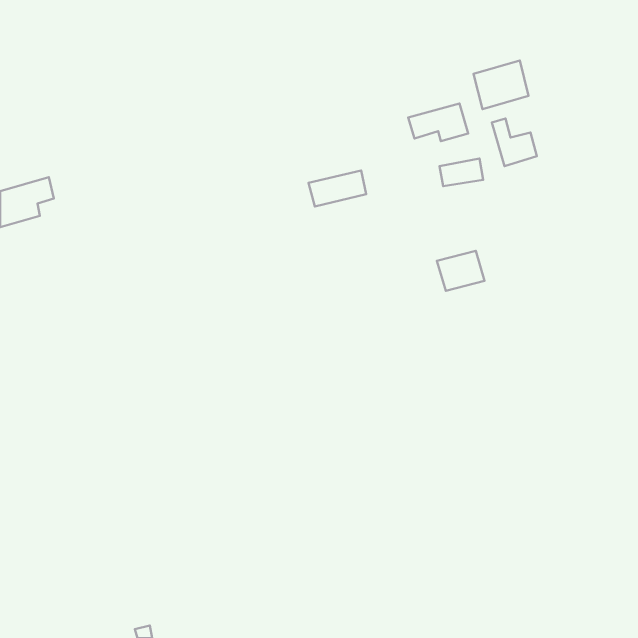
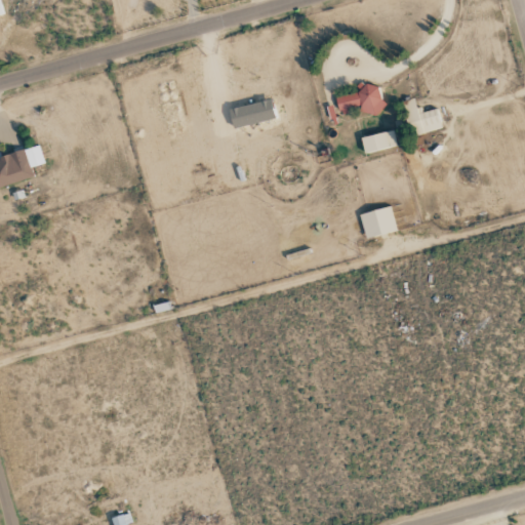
building: [474,61,529,109] -> none
building: [309,170,366,207] -> [229,98,276,128]

